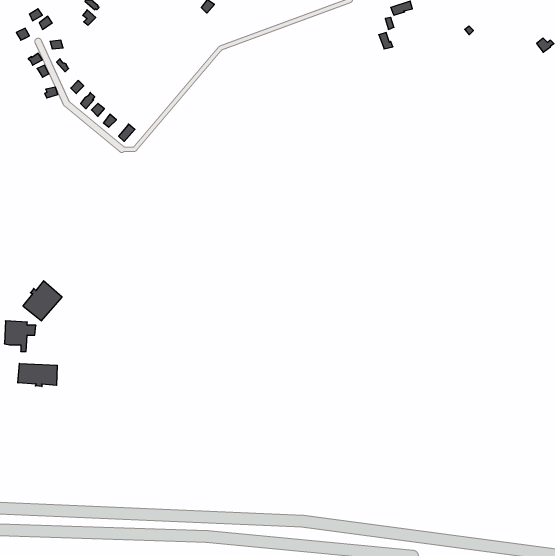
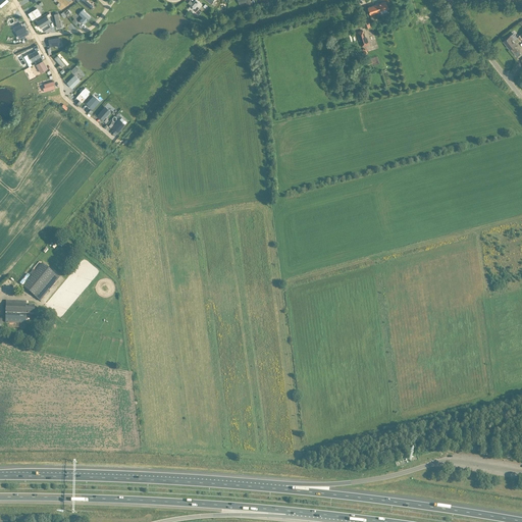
building: [18,363,57,387] -> none

